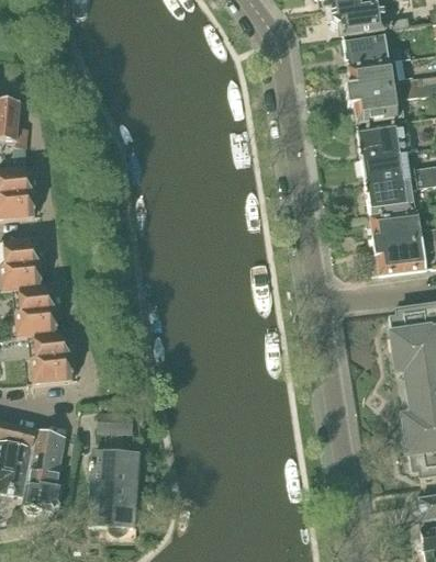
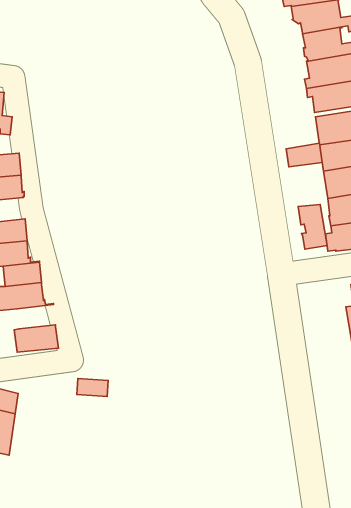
building: none -> [286,143,322,167]
building: none -> [298,205,327,249]
building: [33,331,75,358] -> none
building: [22,428,65,513] -> none
building: [88,451,137,527] -> none

